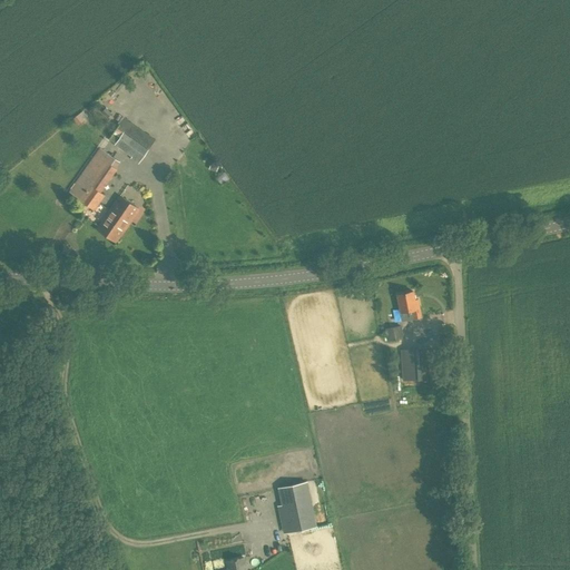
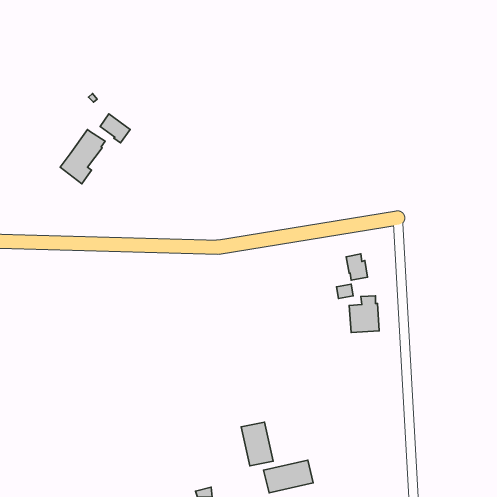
building: [97,195,139,242] -> none
building: none -> [264,460,313,493]

